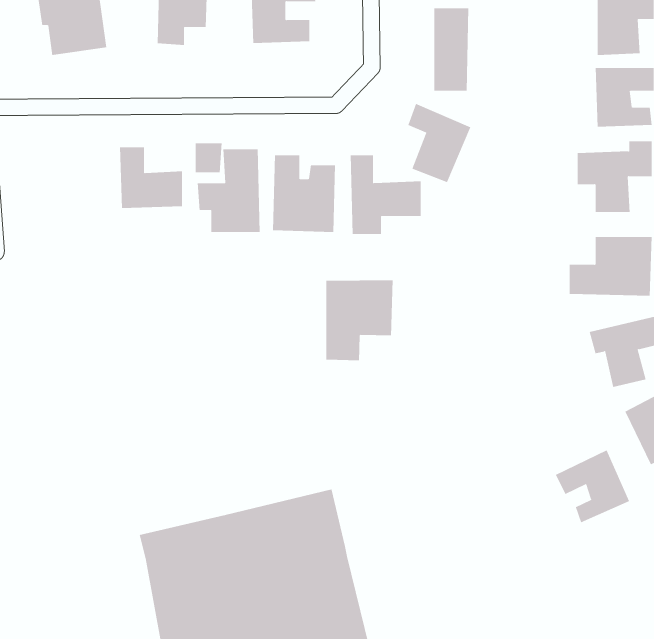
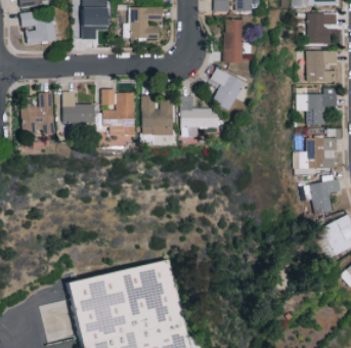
building: none -> [21,92,53,134]
building: [326,280,393,361] -> none
building: [555,450,630,523] -> none

